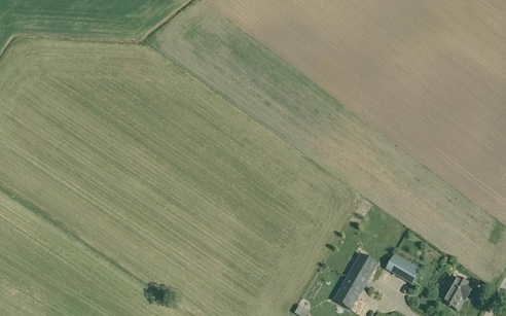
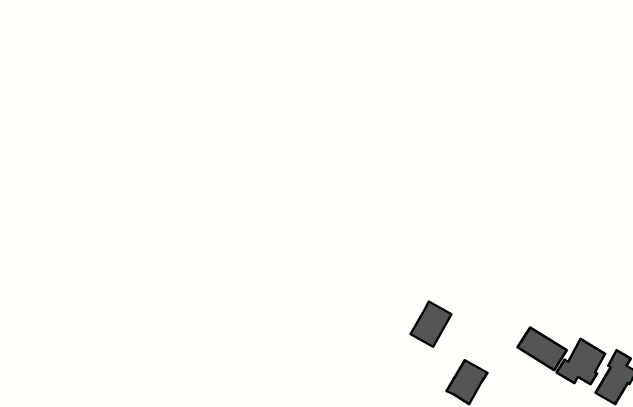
building: [347,252,376,285] -> [410,301,452,347]
building: none -> [556,339,605,384]

